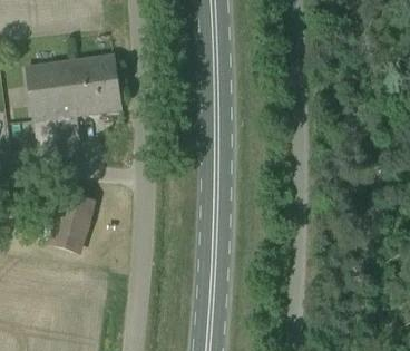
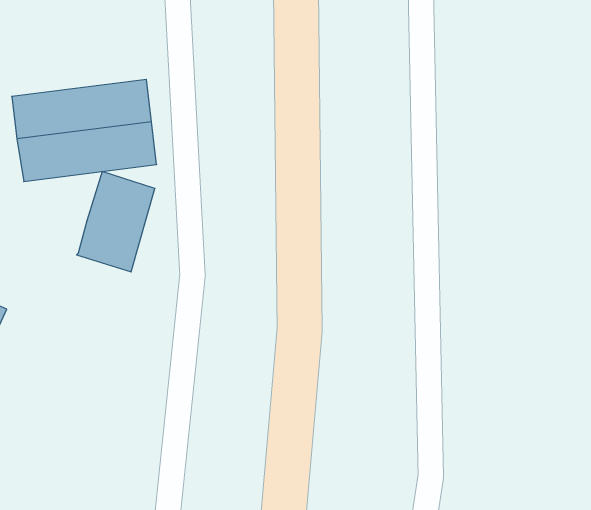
building: [46,189,97,255] -> [77,171,155,272]

